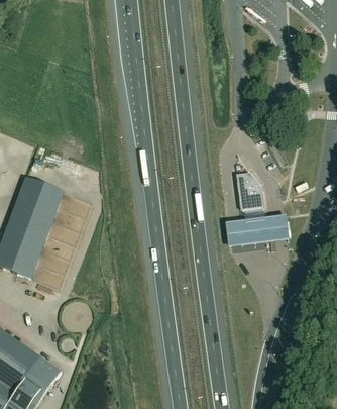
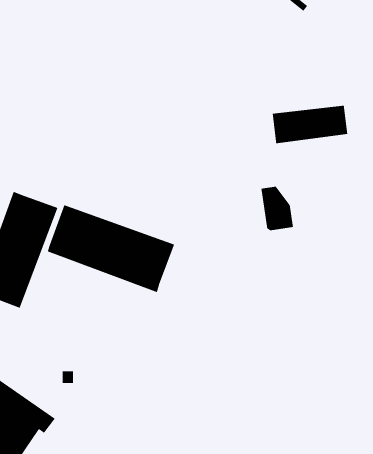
building: none -> [47,204,175,293]
building: [225,211,290,244] -> [272,105,348,144]

